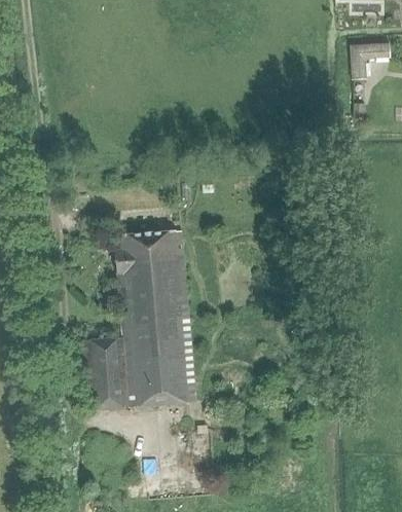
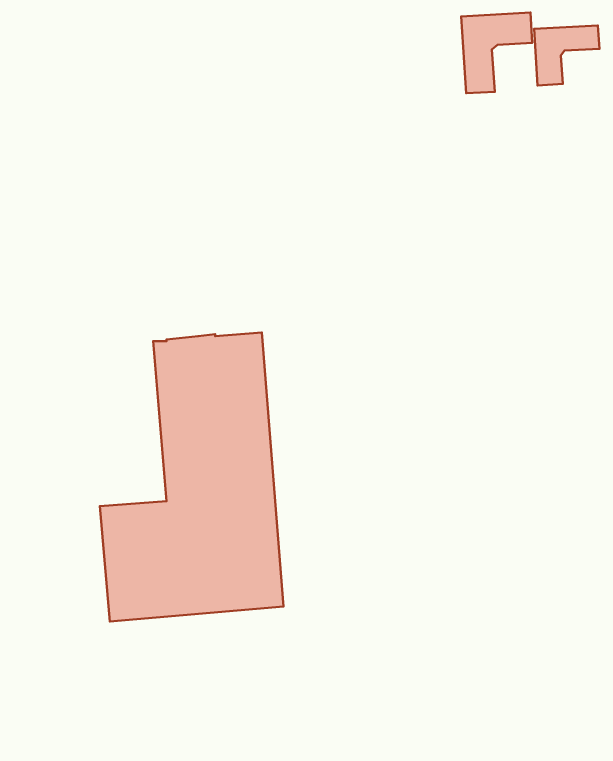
building: none -> [461,12,532,93]

